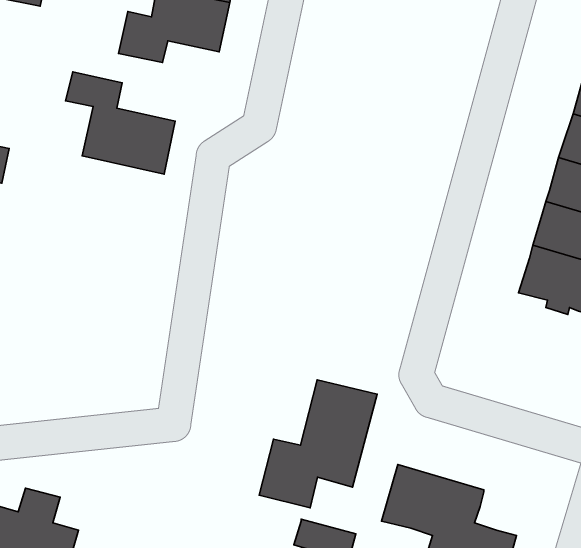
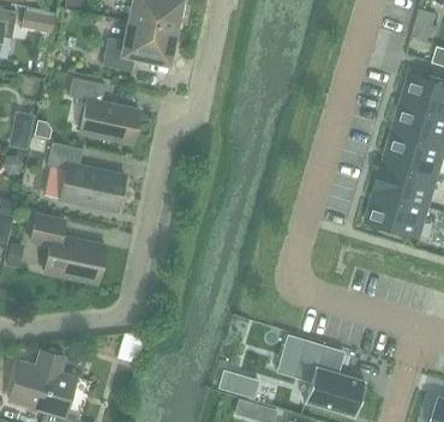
building: none -> [46,141,125,211]
building: none -> [30,215,104,283]
building: [259,380,377,508] -> none

